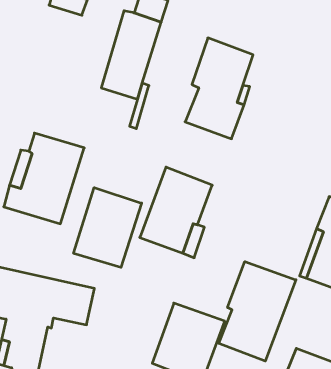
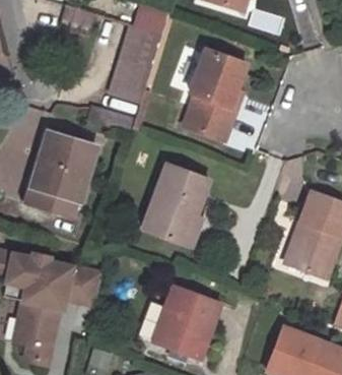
building: [74,188,142,267] -> none
building: [219,262,296,361] -> none

